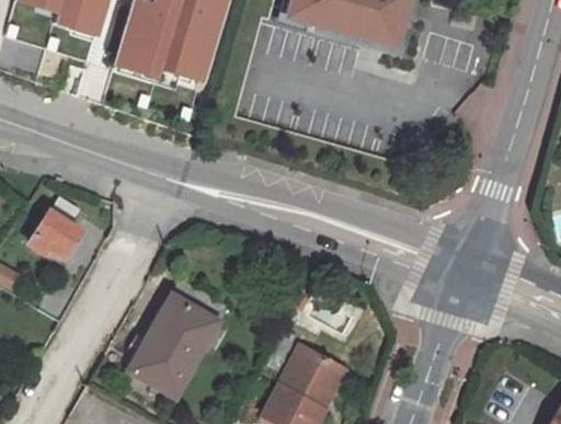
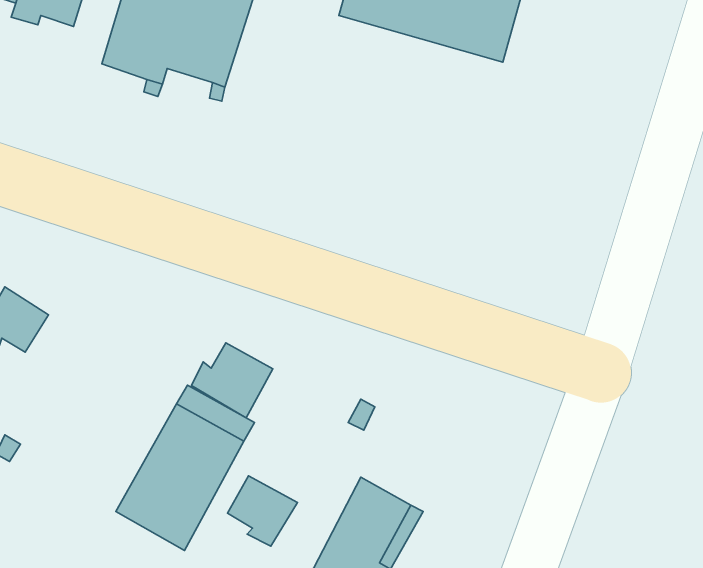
building: none -> [192,343,273,418]
building: none -> [227,476,297,546]

